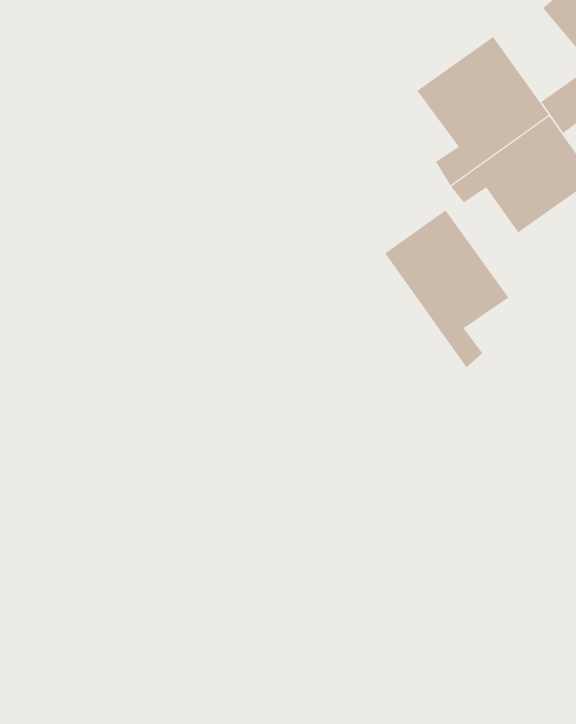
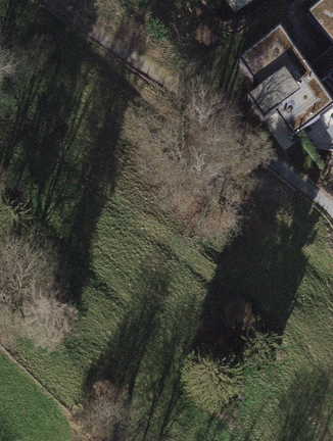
building: [384,210,509,368] -> none

